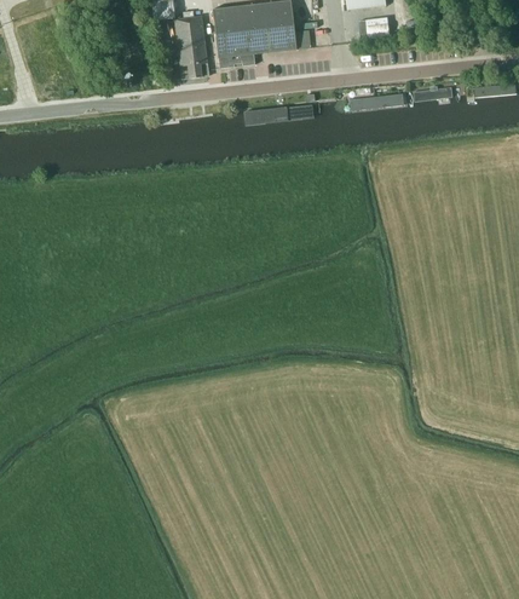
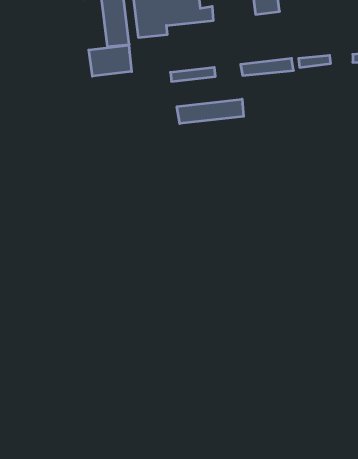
building: none -> [89,45,132,76]
building: none -> [177,99,244,124]

